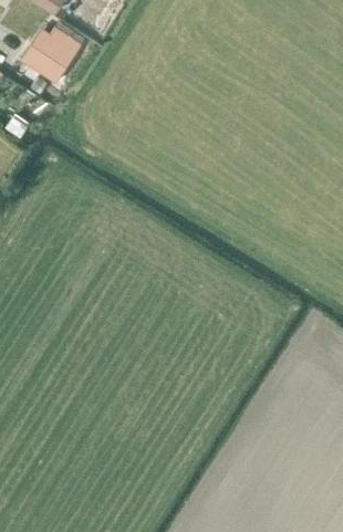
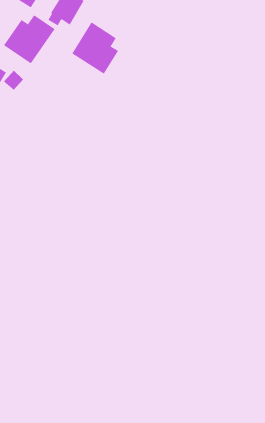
building: none -> [71,22,119,75]

